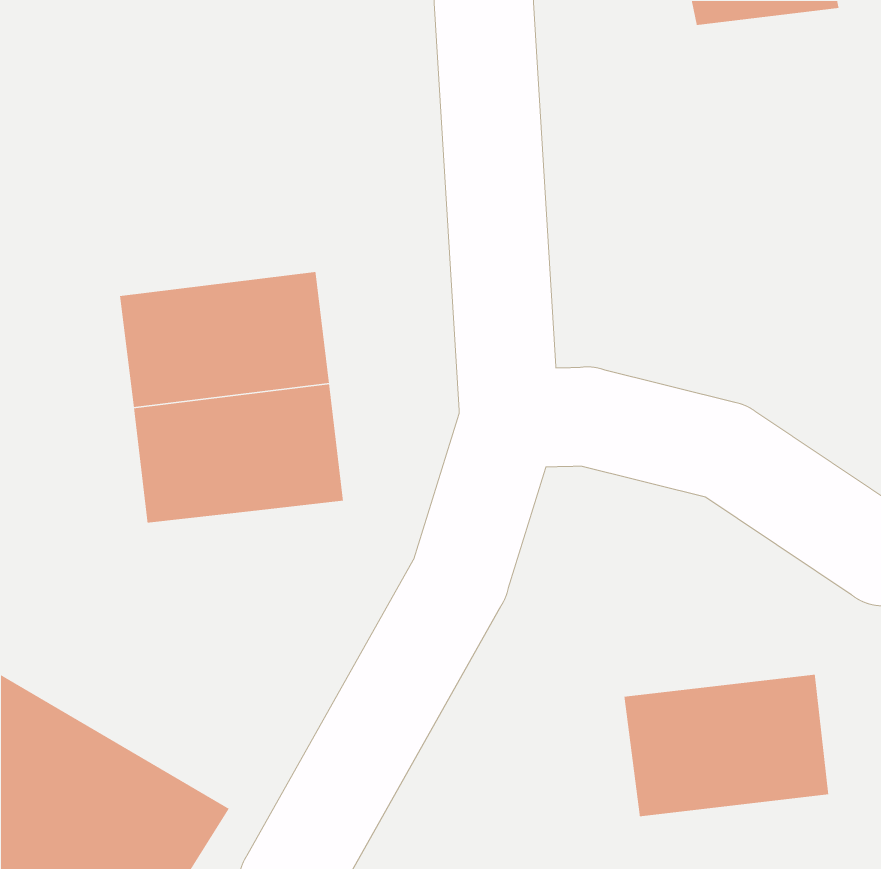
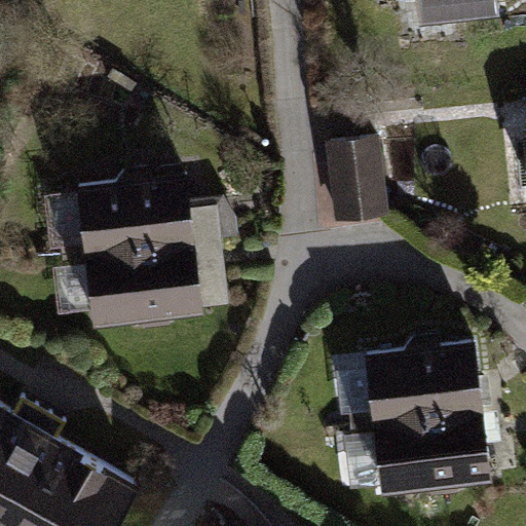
building: none -> [328,138,388,221]
building: none -> [364,338,486,422]

